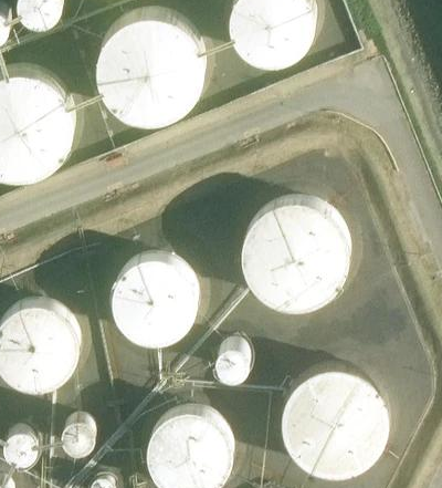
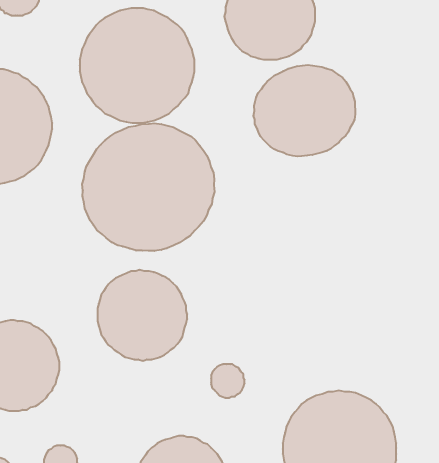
building: none -> [254,65,355,156]
building: none -> [82,123,215,251]
building: [243,207,349,313] -> none

